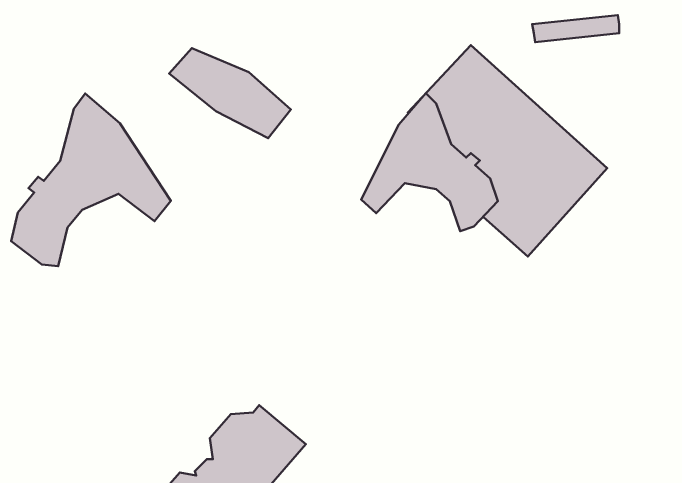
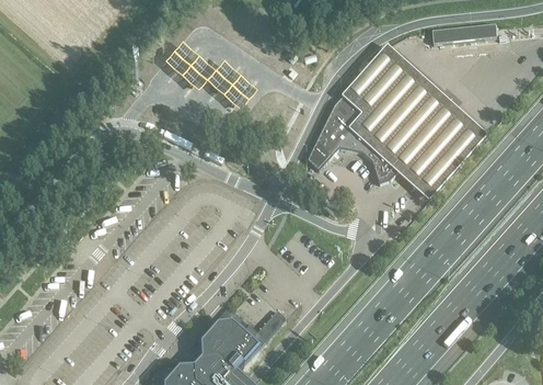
building: [11,93,171,266] -> none

